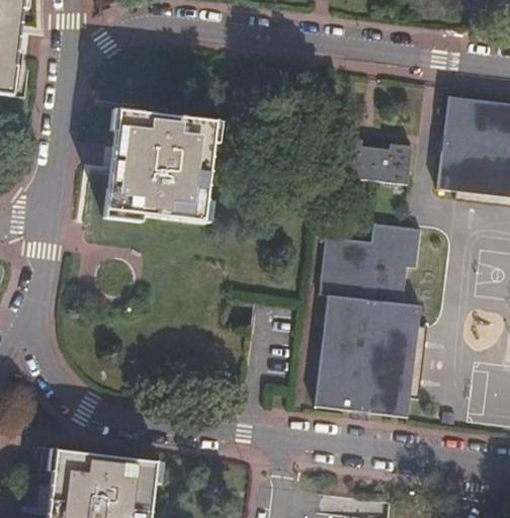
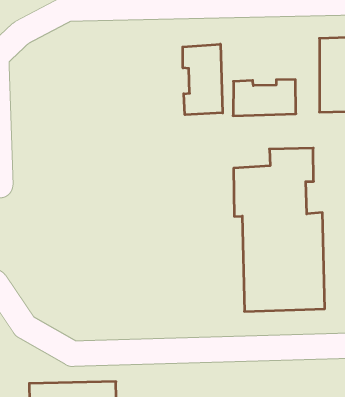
building: none -> [183,44,223,115]
building: [108,115,219,229] -> none

